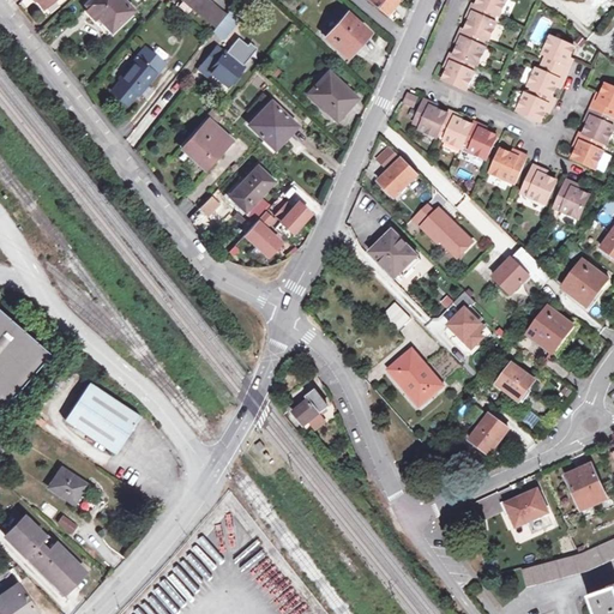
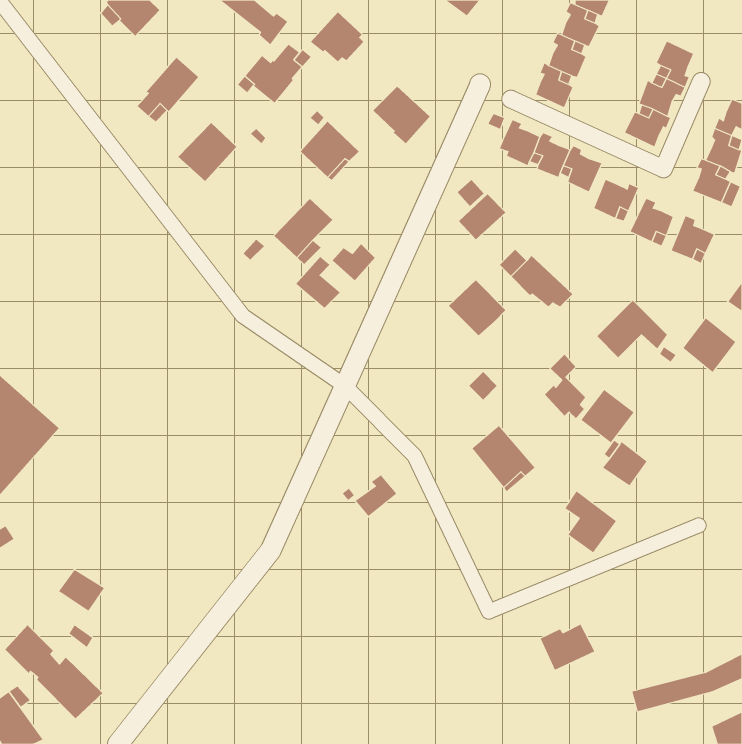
building: [324,11,368,53] -> [310,11,364,62]
building: [181,119,230,168] -> [178,122,237,182]
building: [528,308,572,353] -> [581,389,634,443]
building: [64,381,138,451] -> none
building: [565,464,606,511] -> none
building: [502,489,548,528] -> [540,624,595,671]

